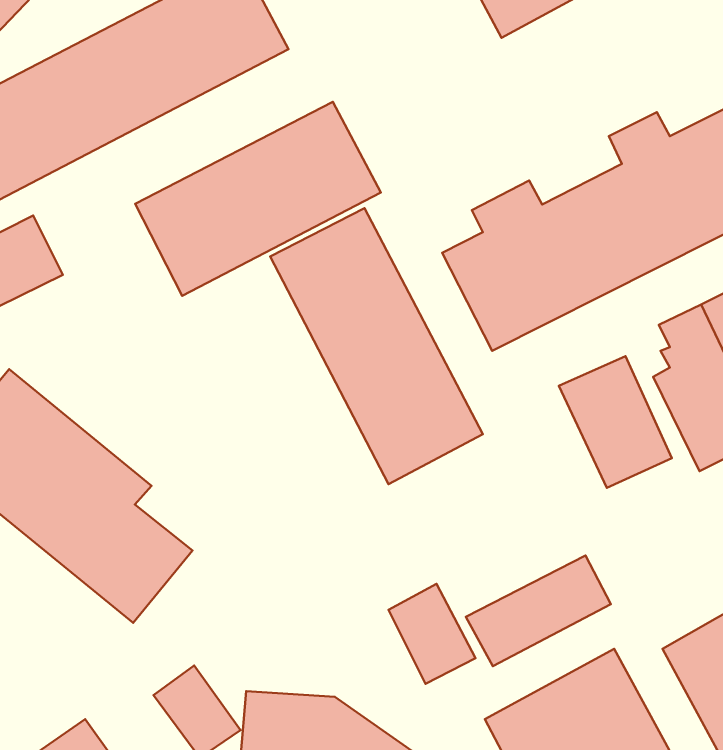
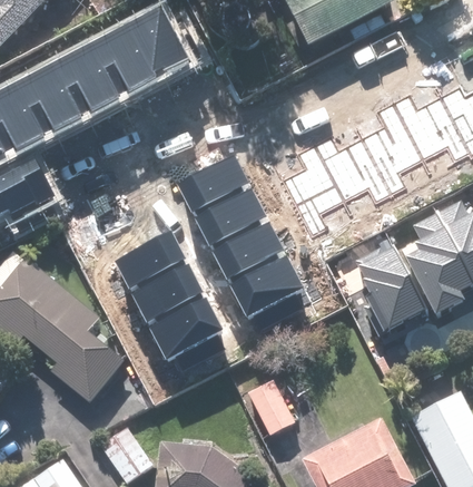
building: [135,102,381,296] -> none
building: none -> [114,230,221,358]
building: [466,556,611,666] -> none

